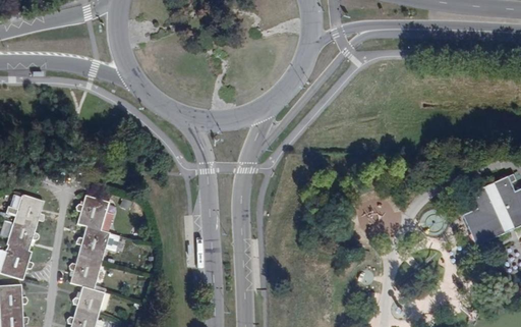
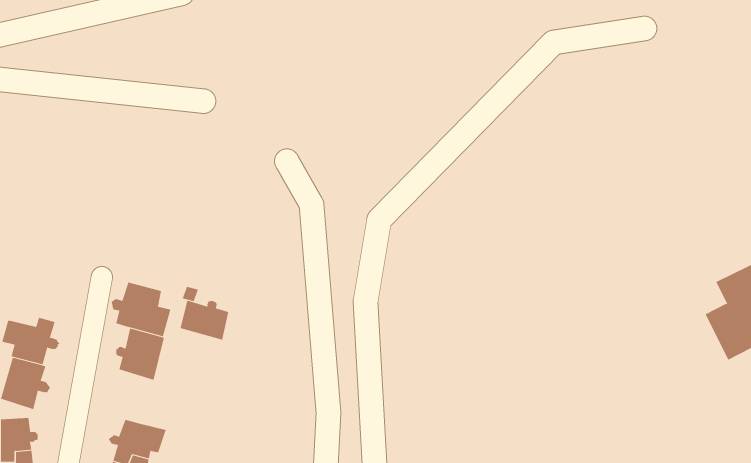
building: [6,196,46,225] -> none
building: none -> [179,300,229,341]
building: [68,254,102,289] -> none

